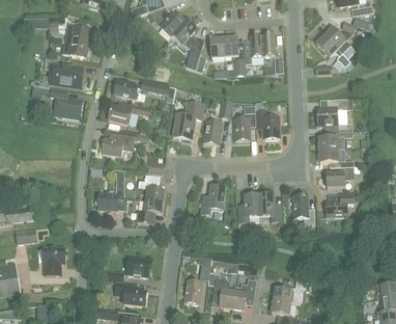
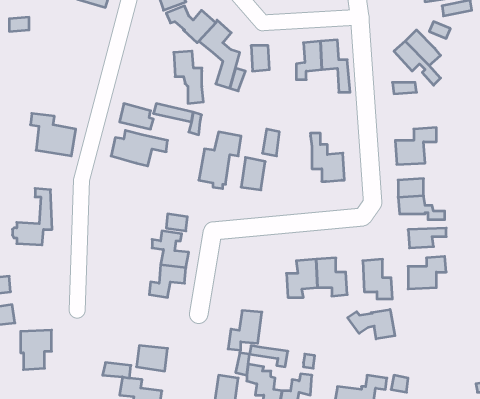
building: [67,23,89,56] -> none
building: [223,36,245,75] -> [174,51,203,103]
building: [49,63,82,86] -> none
building: [233,104,255,139] -> none
building: [102,131,134,157] -> none
building: [95,168,124,210] -> [12,188,52,245]
building: [200,185,225,214] -> [228,311,262,350]
building: none -> [348,309,395,339]

